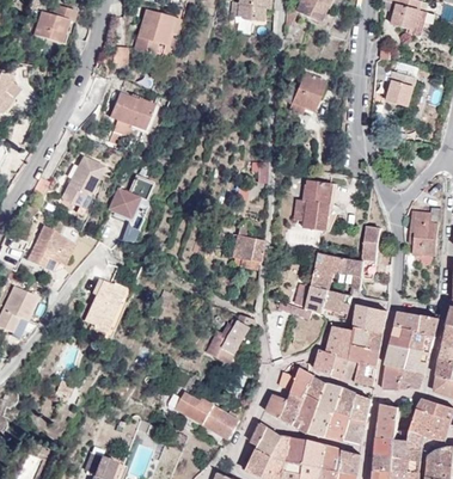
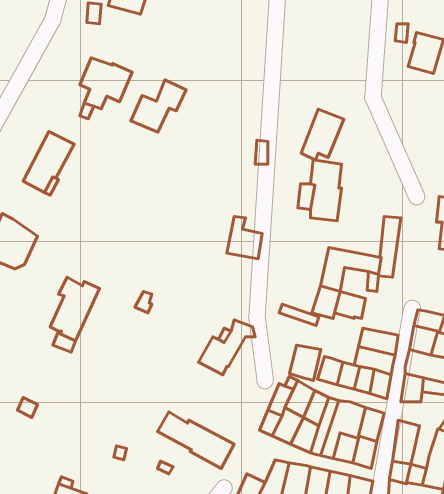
building: [290,73,326,116] -> [301,109,344,160]
building: [108,176,154,220] -> [131,80,186,132]
building: [349,301,382,328] -> none
building: [322,324,348,354] -> [290,345,321,380]
building: [246,419,275,453] -> none

